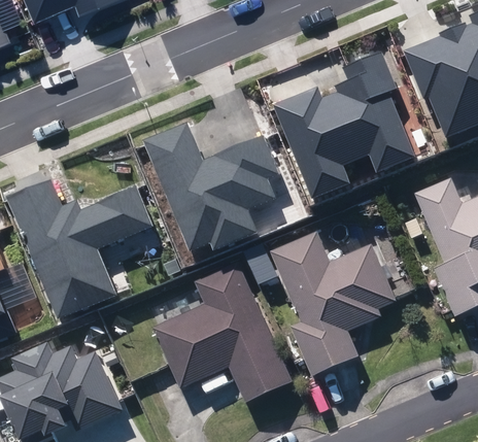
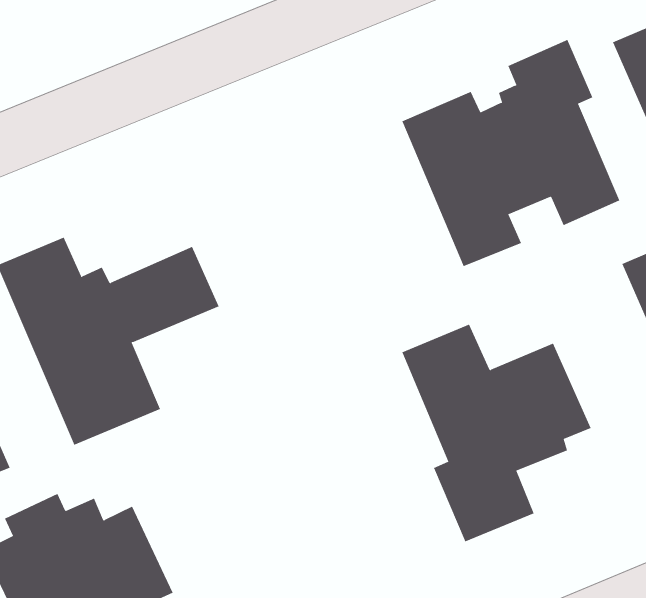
building: [143,122,278,249] -> none
building: [155,265,292,403] -> none

